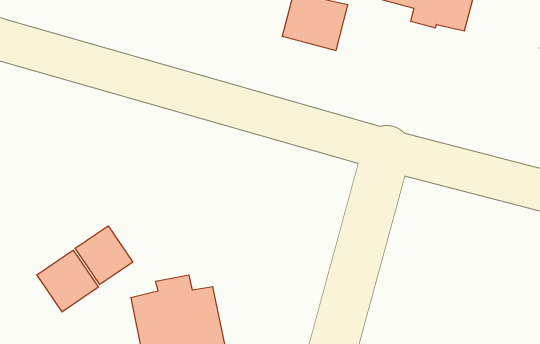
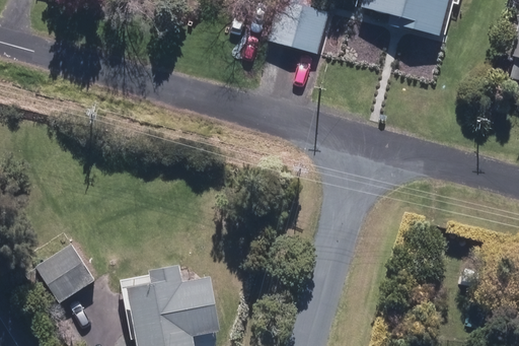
building: [75,226,133,285] -> none

